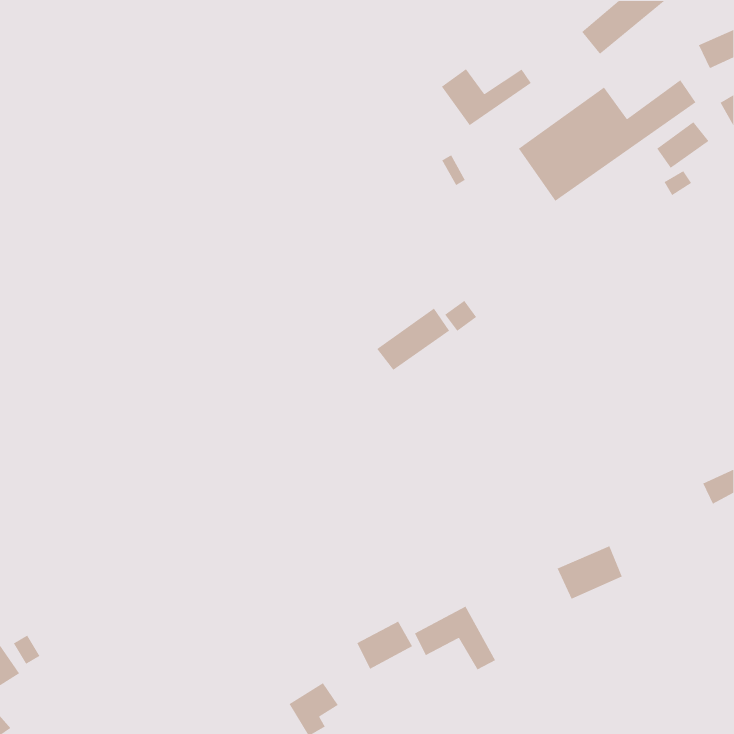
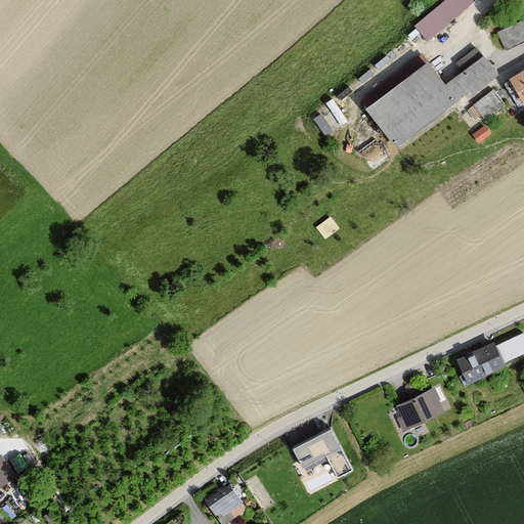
building: [441,68,532,126] -> none
building: [376,307,450,371] -> none
building: none -> [456,344,505,384]
building: [356,621,413,670] -> none

